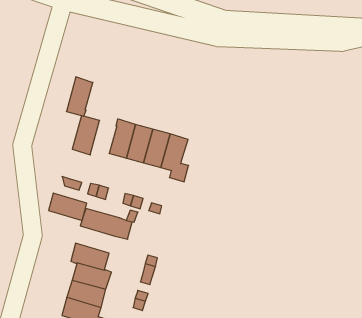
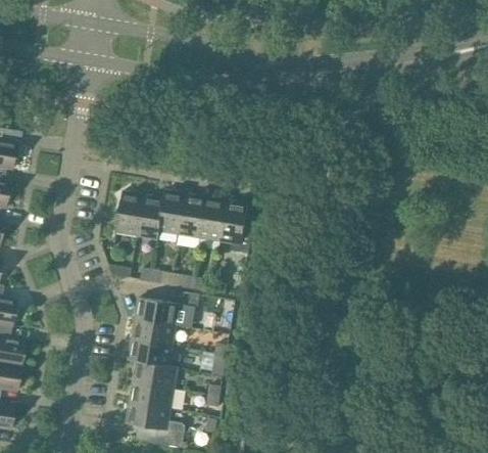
building: [66,77,93,116] -> [138,196,164,240]
building: [49,193,87,220] -> [133,320,176,348]

